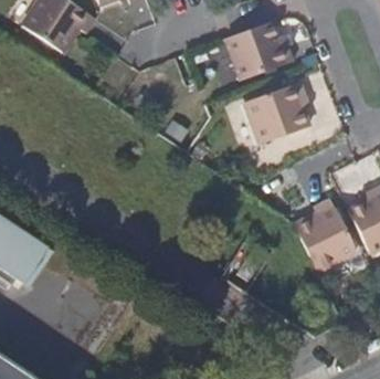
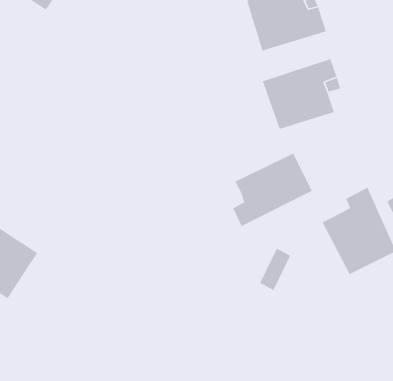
building: none -> [232,152,313,227]

